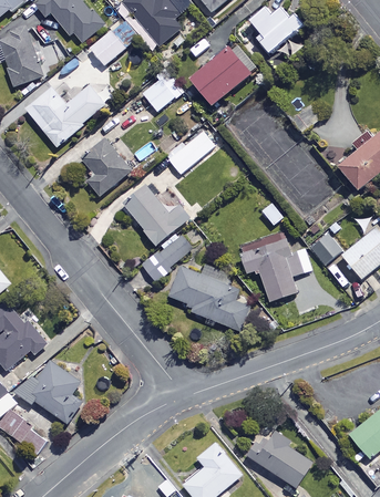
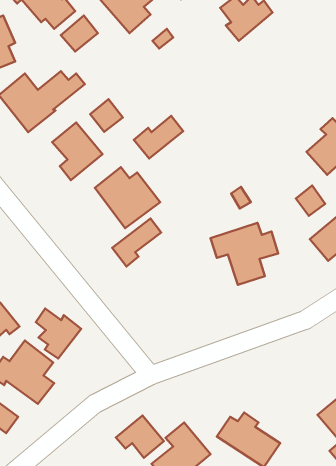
building: [193,49,253,106] -> none
building: [142,77,175,111] -> [90,99,123,132]
building: [310,234,340,265] -> [296,185,325,216]
building: [168,266,249,332] -> none
building: none -> [36,309,81,359]
building: none -> [116,415,164,458]

